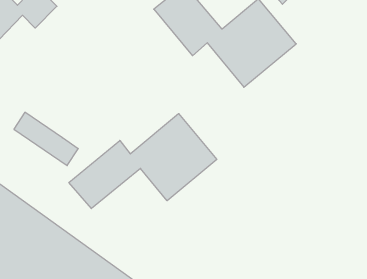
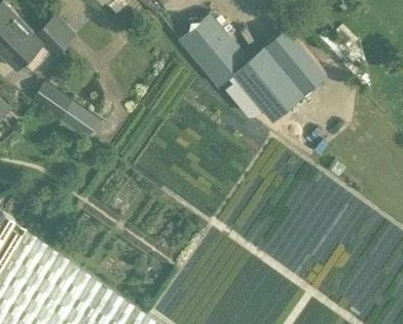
building: [14,112,78,166] -> [33,83,100,139]
building: [69,114,217,209] -> none

